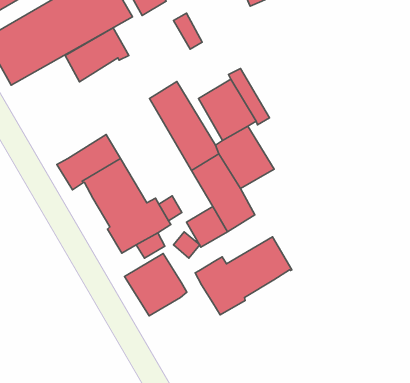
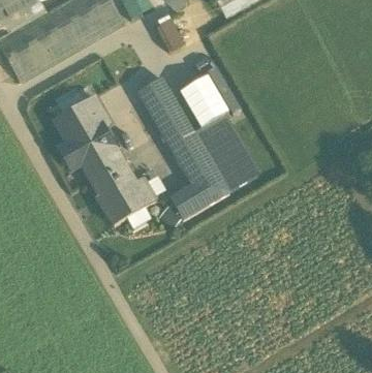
building: [65,28,129,82] -> [55,96,110,143]
building: none -> [216,152,257,191]
building: [195,237,292,315] -> none
building: [125,254,187,316] -> none

